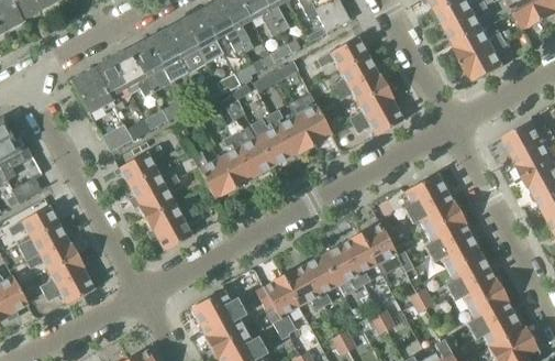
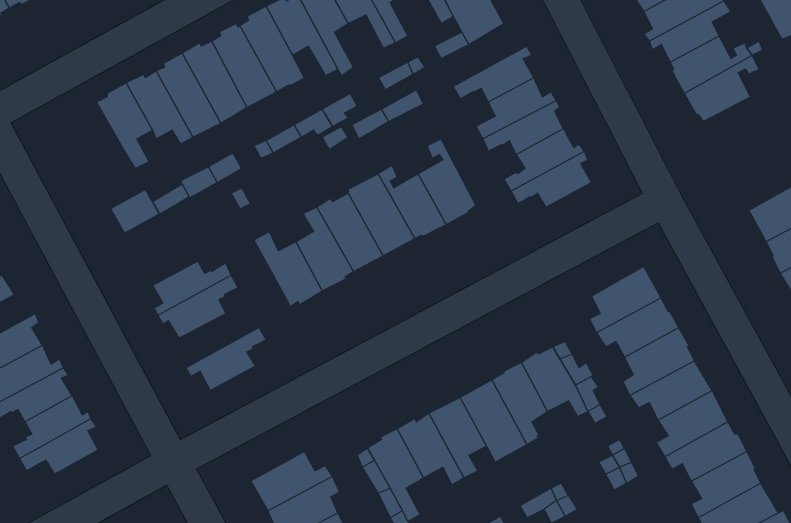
building: [73,68,111,111] -> none
building: [114,144,165,184] -> none
building: [145,201,196,236] -> none

